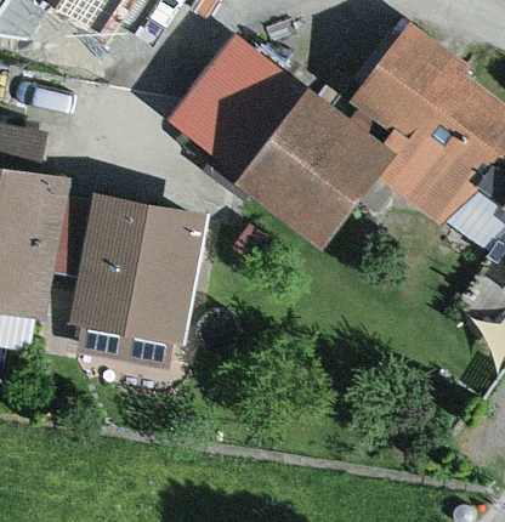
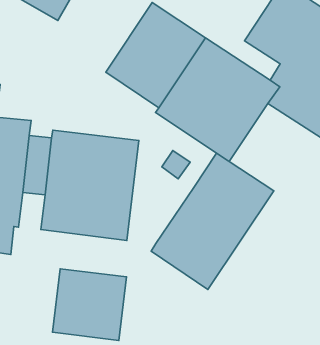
building: none -> [151,153,274,289]
building: none -> [52,269,127,340]

